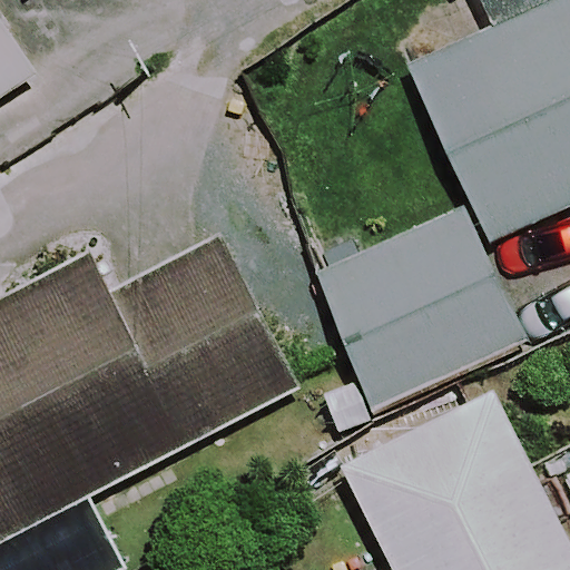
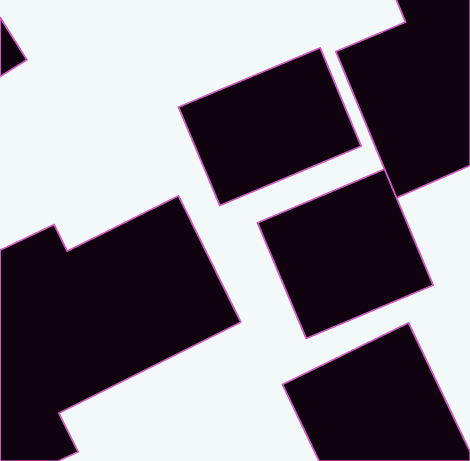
building: none -> [179,48,361,205]

